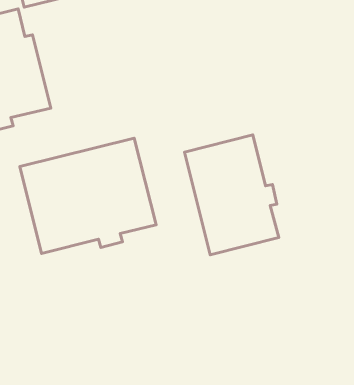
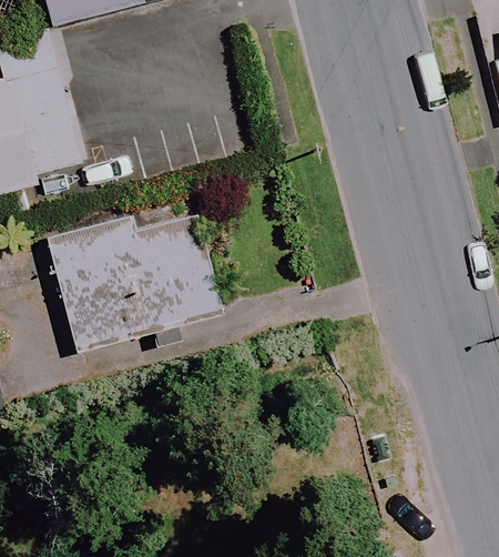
building: [184,135,279,255] -> none

